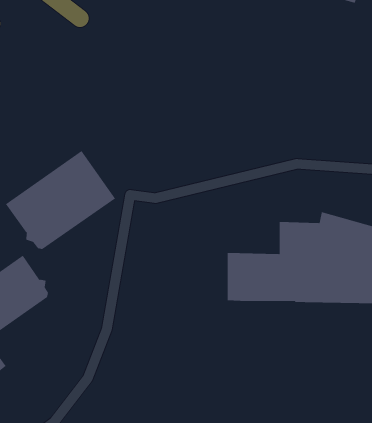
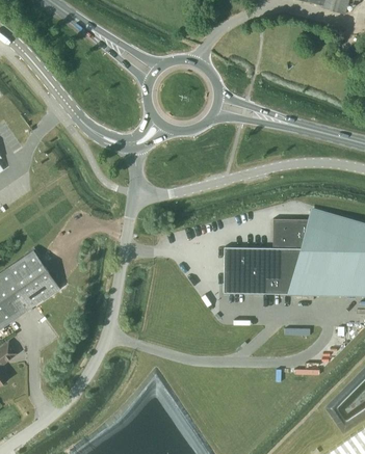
building: [5,150,116,250] -> none

